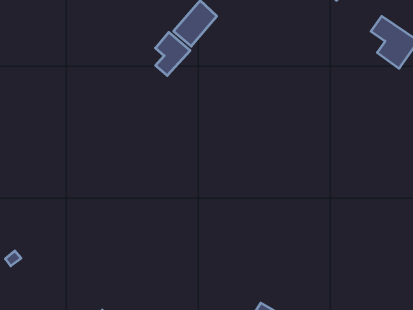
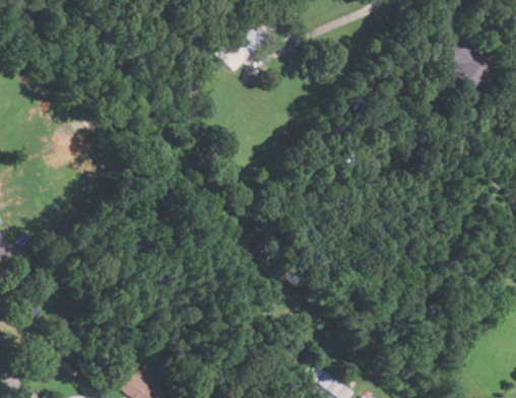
building: [155,32,190,76] -> none

